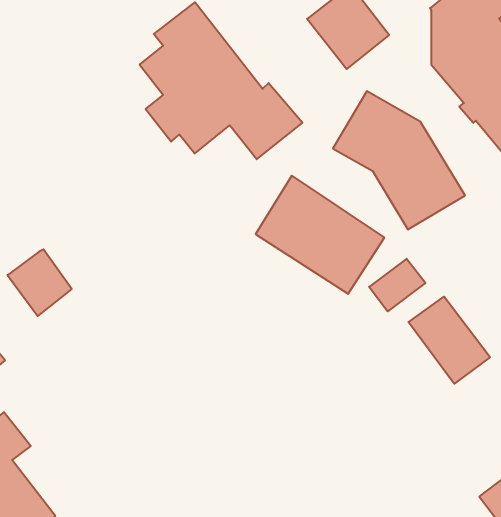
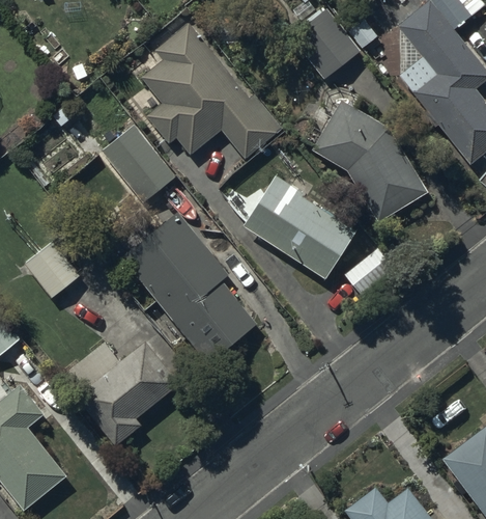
building: none -> [102,122,176,203]
building: none -> [121,211,257,364]
building: [408,297,490,384] -> none
building: none -> [63,340,180,445]

